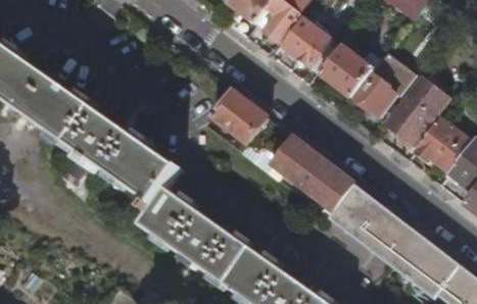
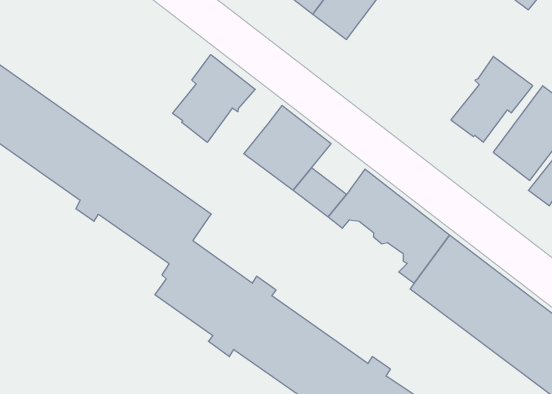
building: [285,18,333,67] -> none
building: [318,42,376,98] -> none
building: none -> [173,55,255,142]

